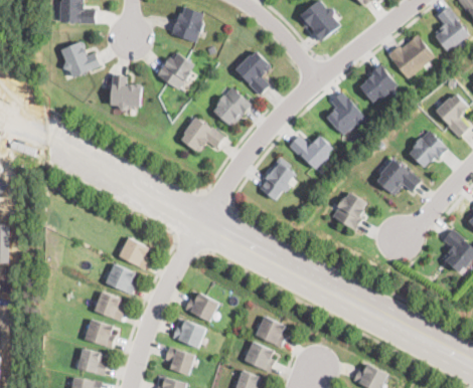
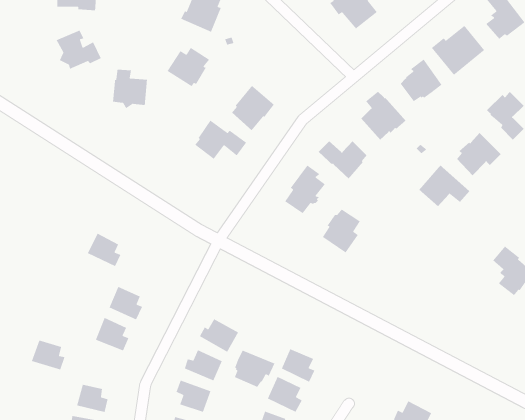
building: [234,52,271,94] -> none
building: [332,191,366,230] -> [322,208,361,253]
building: [119,237,149,267] -> [87,233,121,267]
building: none -> [234,350,275,388]
building: [85,320,115,347] -> [31,339,66,371]

